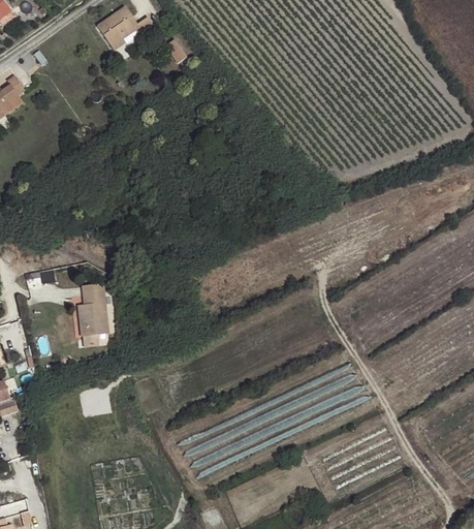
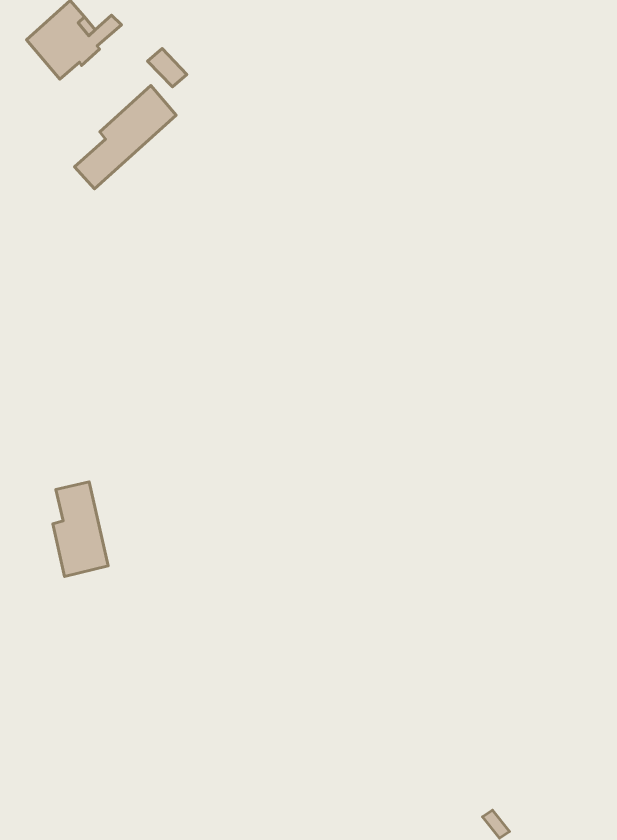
building: none -> [75,86,176,189]

